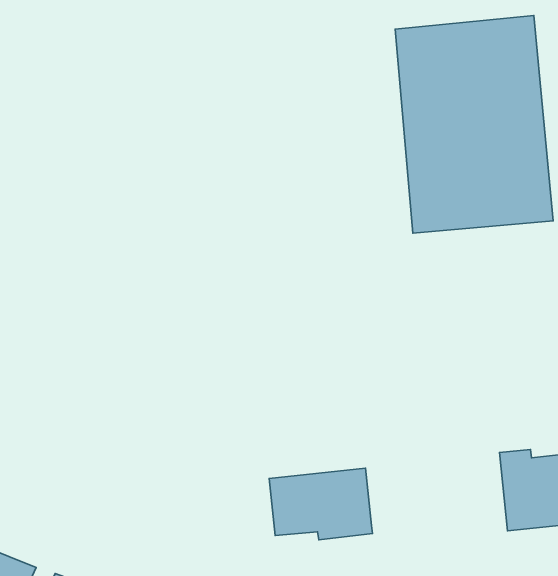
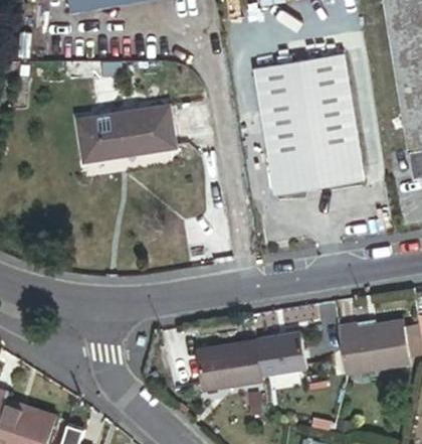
building: none -> [78,107,175,160]
building: none -> [255,334,307,378]

